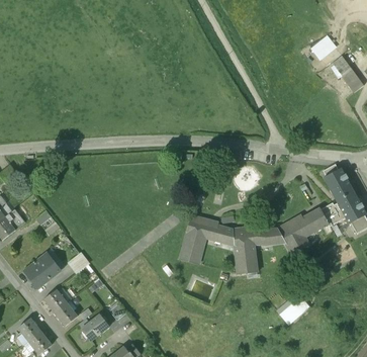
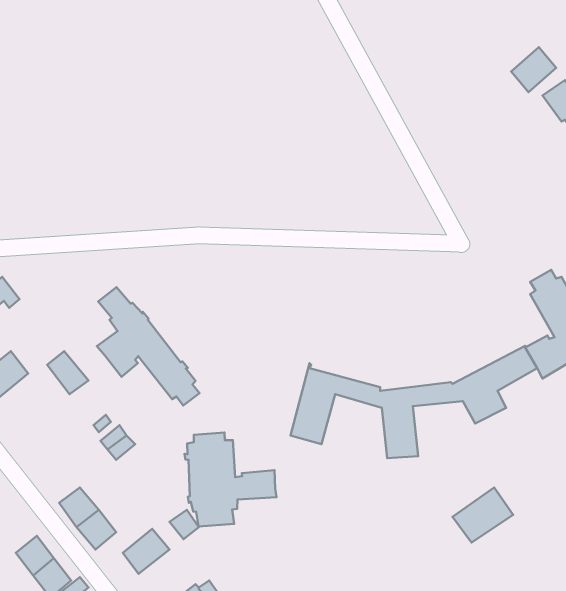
building: none -> [97,287,199,405]
building: [23,252,60,289] -> none
building: none -> [185,433,276,526]

